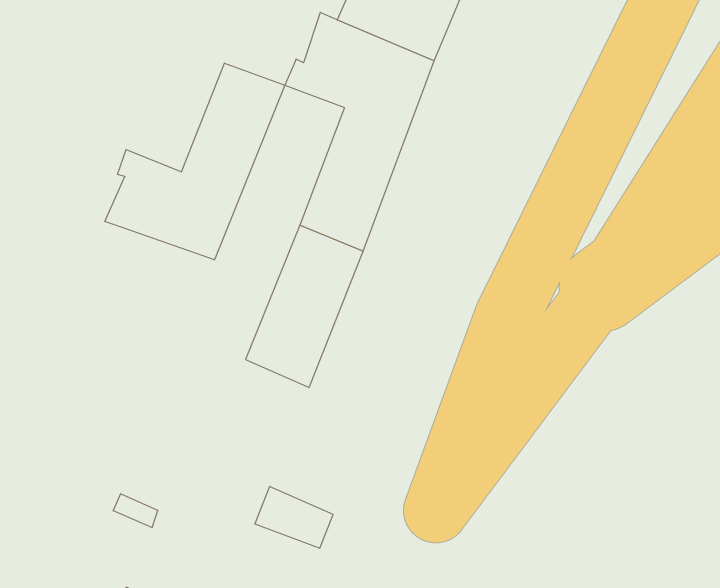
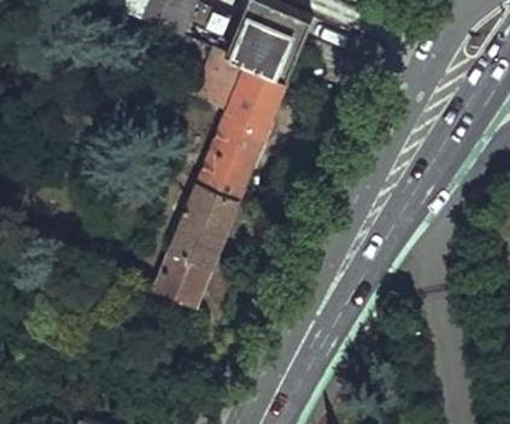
building: [105,63,285,260] -> none
building: [255,486,333,548] -> [152,272,203,312]

